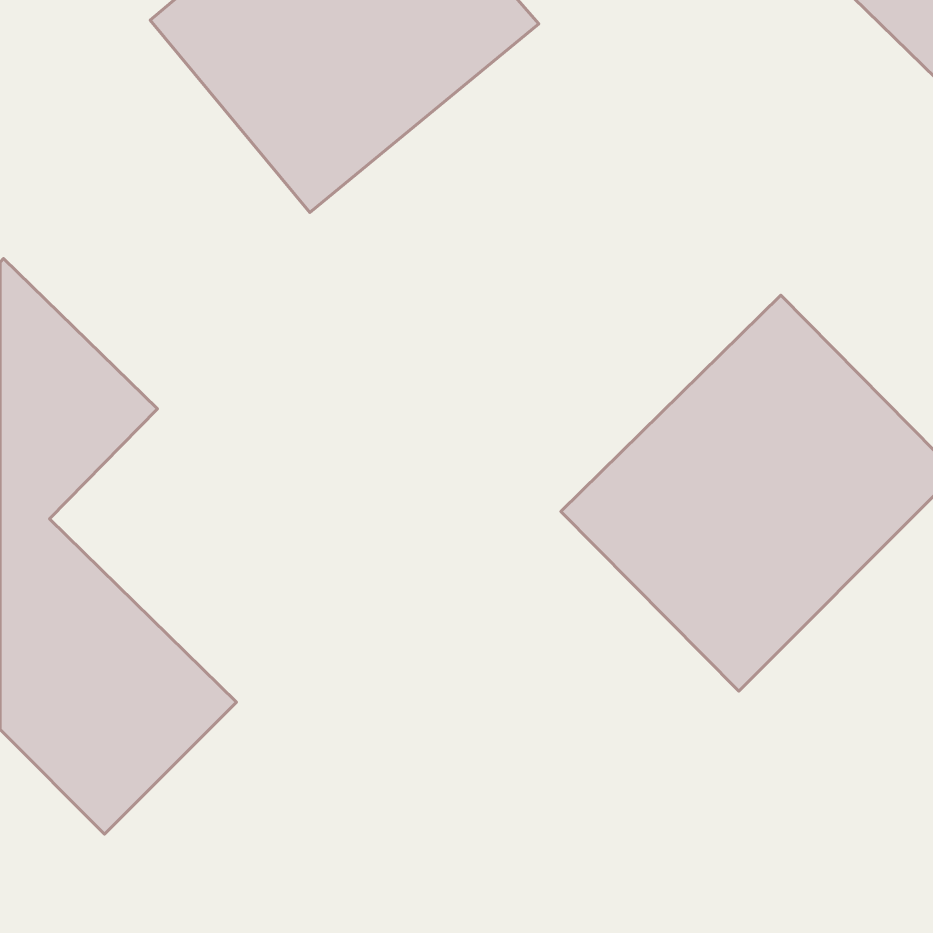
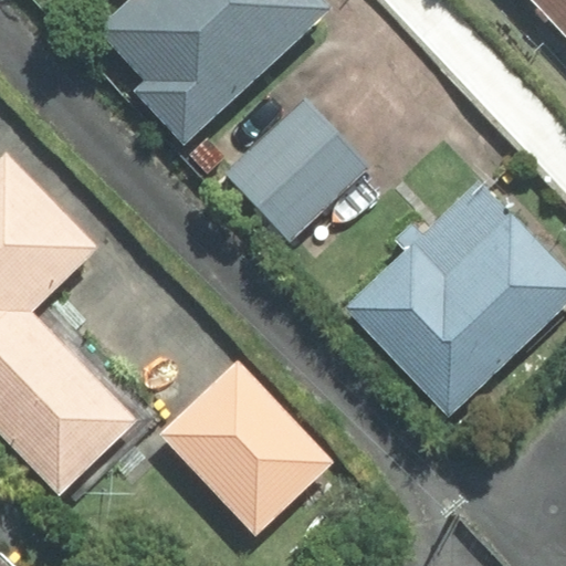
building: none -> [218,99,361,241]
building: none -> [164,363,336,537]

